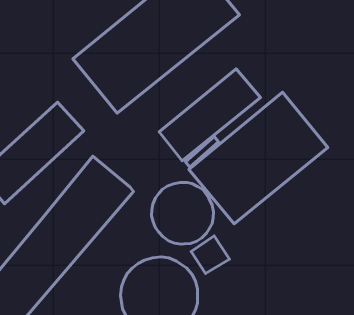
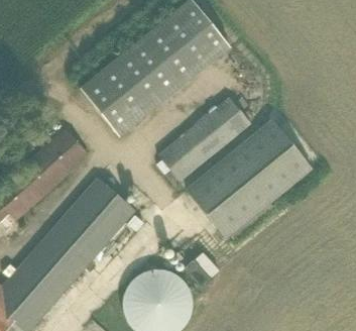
building: [151,183,213,244] -> none

